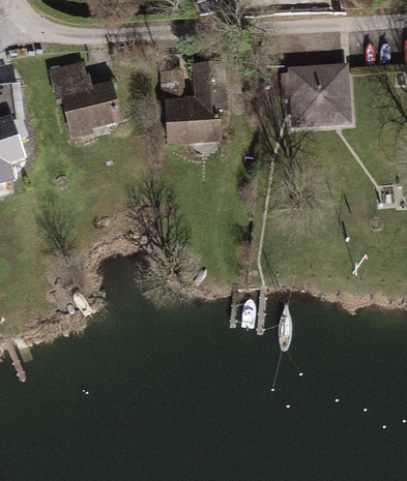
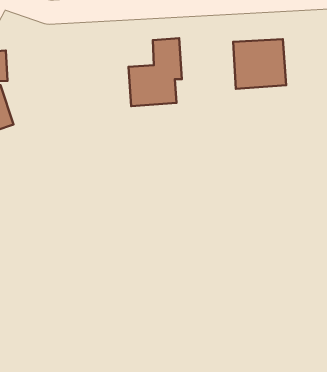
building: [64,64,121,129] -> none

